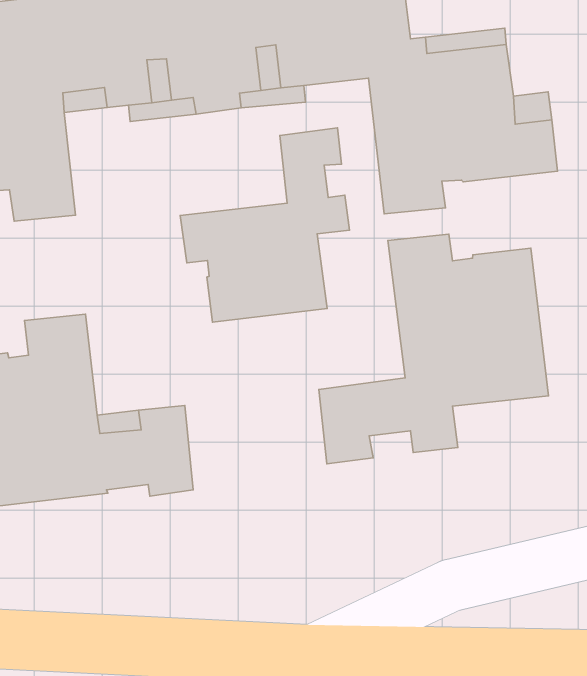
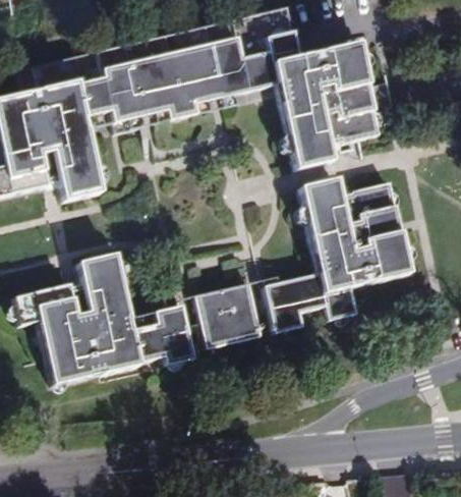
building: [180,128,349,322] -> none
building: none -> [196,284,263,349]

